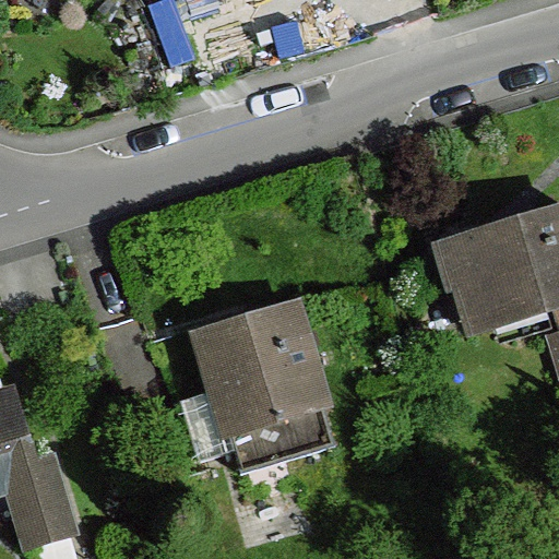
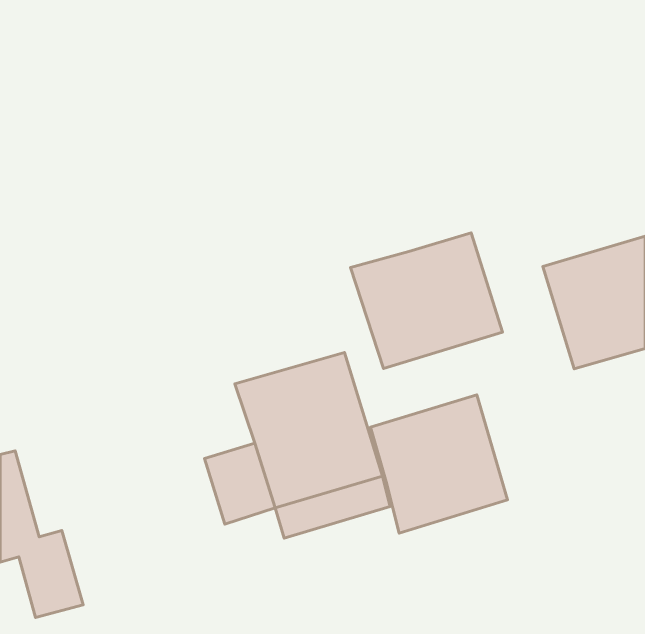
building: none -> [350,233,503,369]
building: none -> [371,395,508,533]

